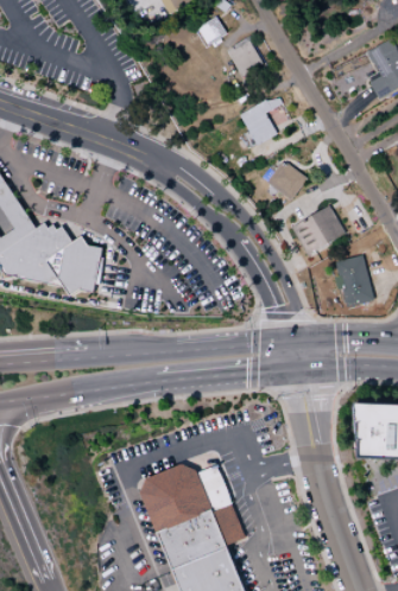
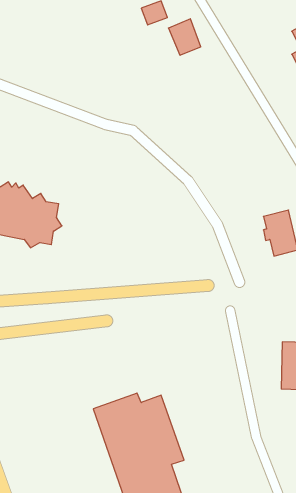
building: [240,94,282,145] -> none
building: [266,160,307,199] -> none
building: [291,204,346,255] -> none

